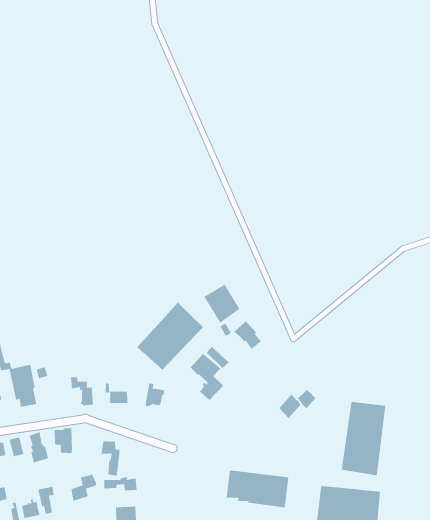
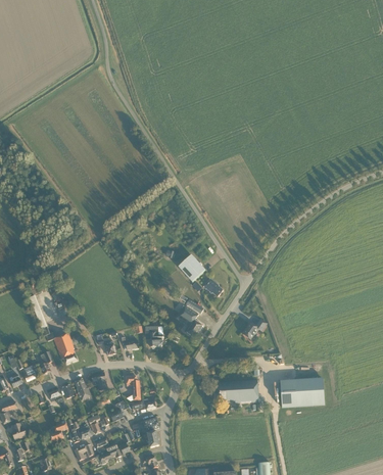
building: [137,302,204,370] -> none
building: [341,401,386,476] -> none

